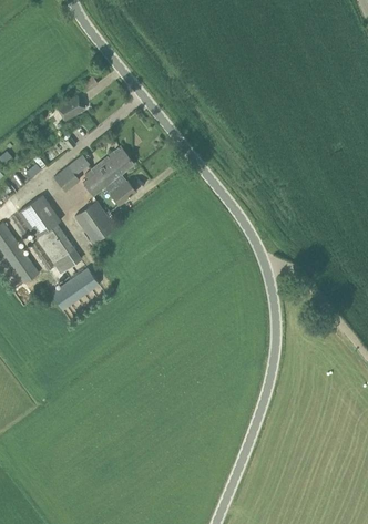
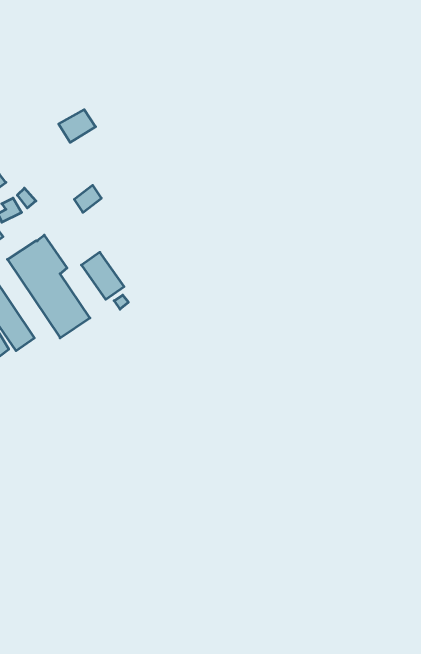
building: [83,146,136,204] -> none
building: [51,268,99,309] -> none

